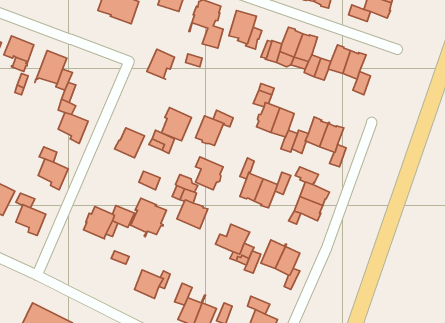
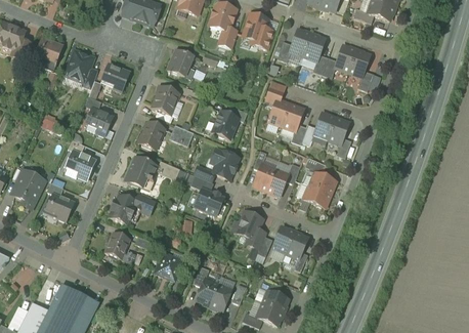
building: none -> [101,64,130,91]
building: [162,107,192,141] -> [152,84,179,115]
building: [130,198,166,237] -> [124,156,158,192]
building: none -> [104,232,136,264]

